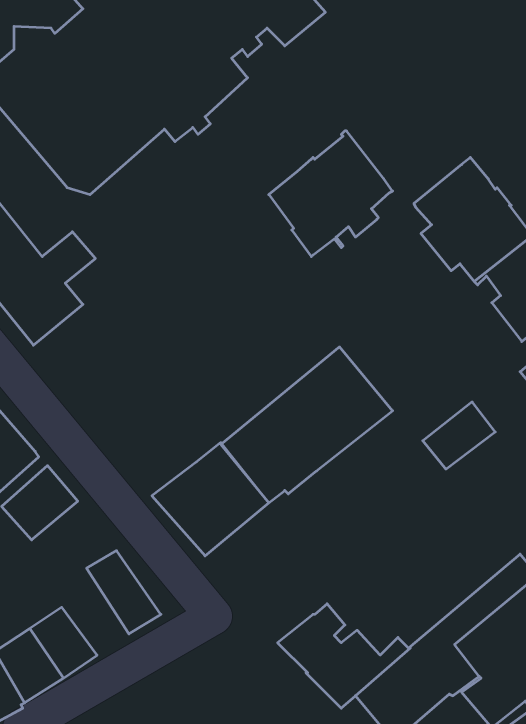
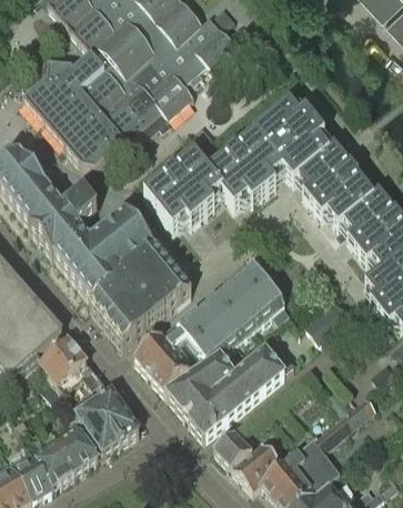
building: none -> [254,100,328,179]
building: none -> [143,151,222,227]
building: none -> [59,209,191,345]
building: none -> [167,339,293,438]
building: none -> [72,392,119,453]

